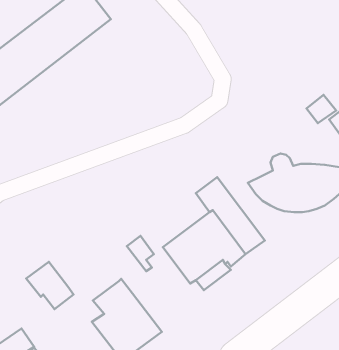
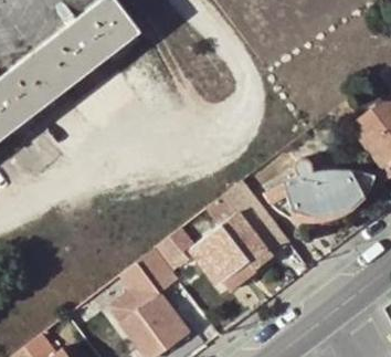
building: [26,262,74,309] -> [133,252,179,298]

